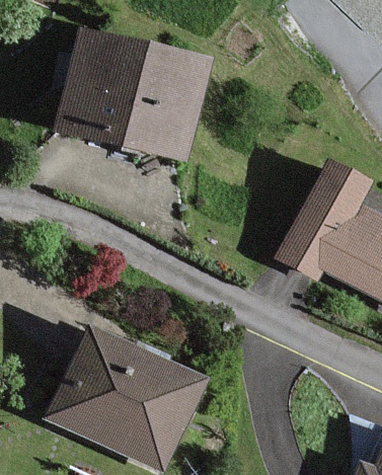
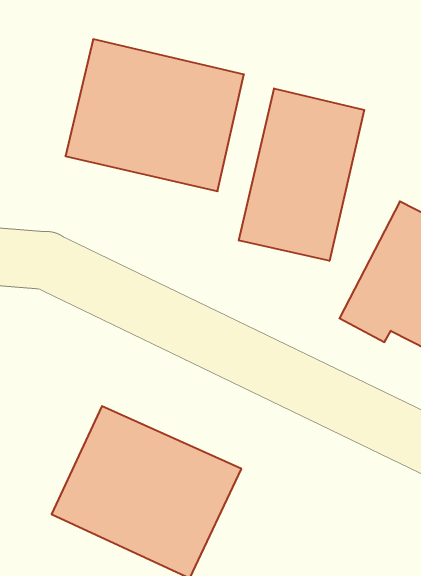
building: none -> [239,88,364,261]

